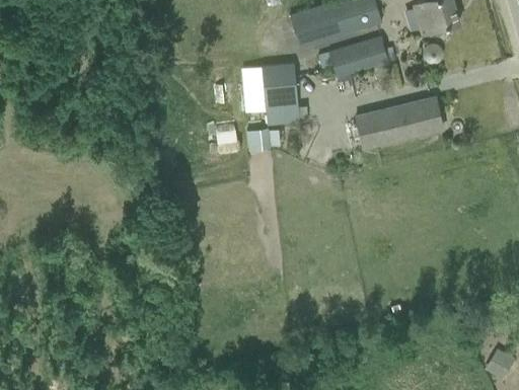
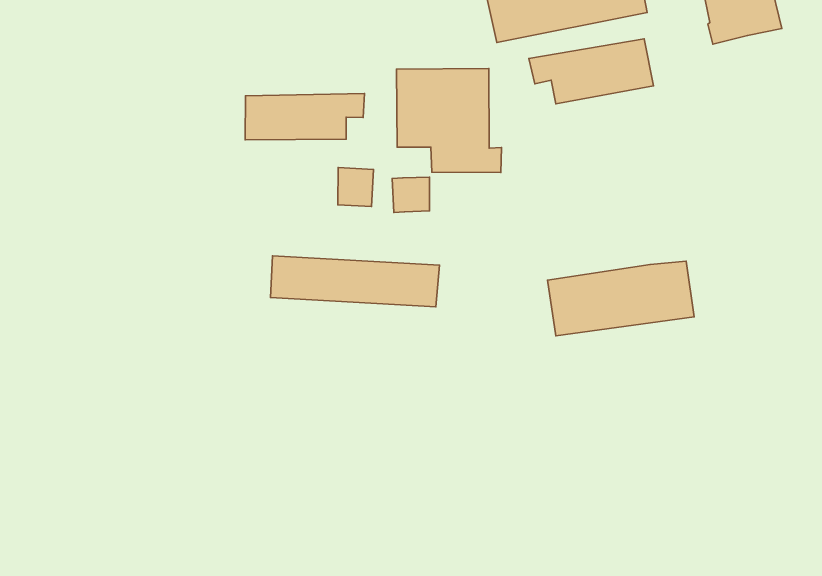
building: none -> [245,93,364,140]
building: [356,97,442,148] -> [548,261,694,336]
building: none -> [271,256,440,307]

